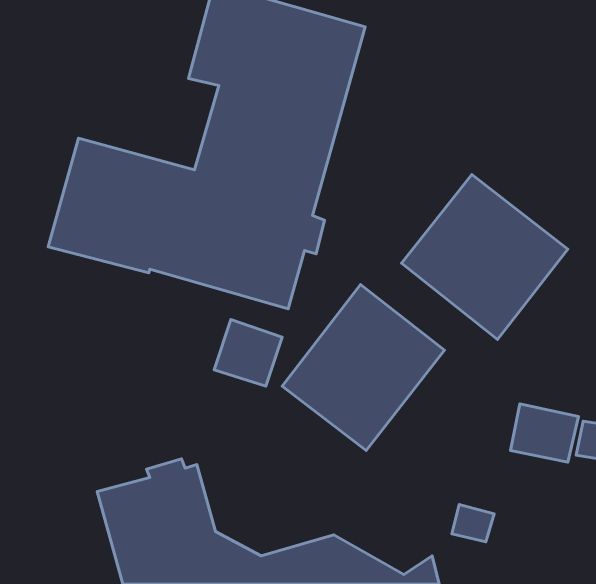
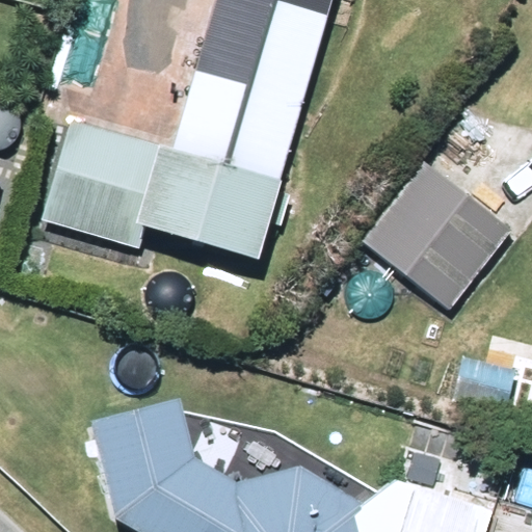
building: [282,285,444,451] -> none

